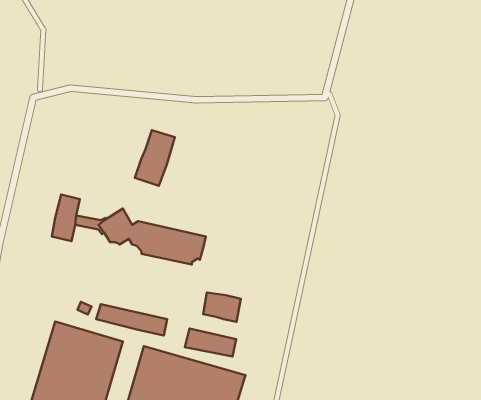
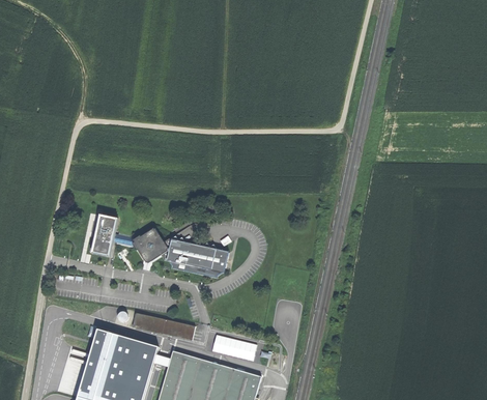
building: [135,130,175,186] -> none
building: [203,292,241,322] -> none

